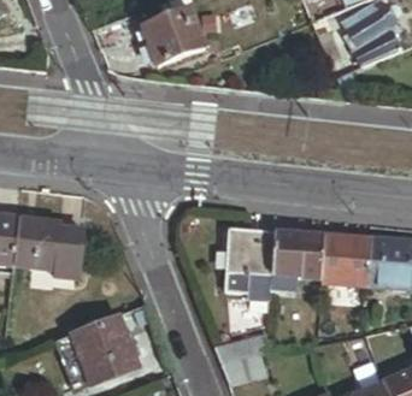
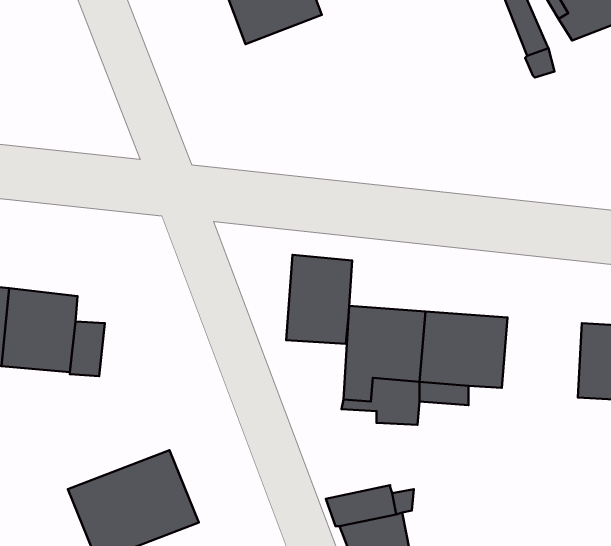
building: none -> [286,255,352,344]
building: [320,234,370,283] -> none

